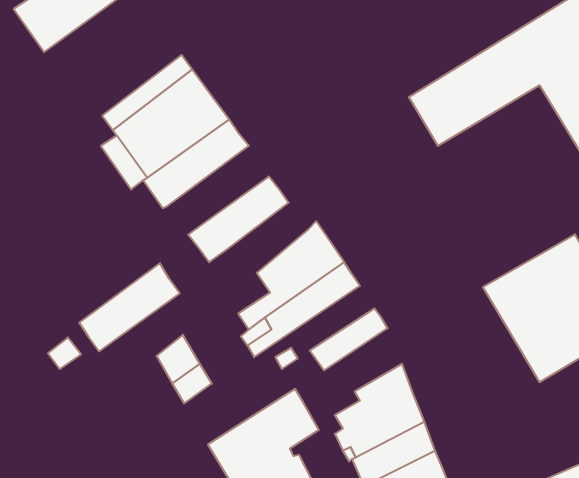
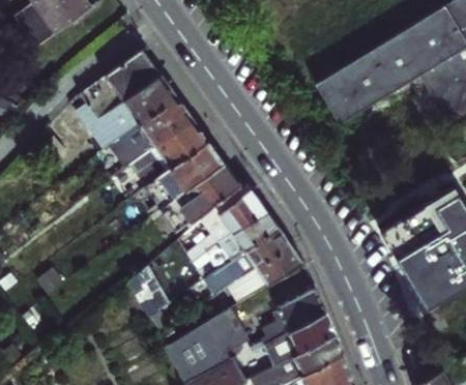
building: none -> [179,167,242,223]
building: [79,263,180,351] -> [133,122,211,191]
building: none -> [232,232,294,283]

